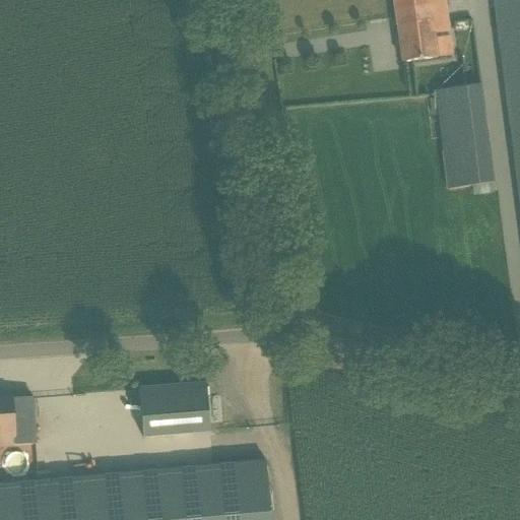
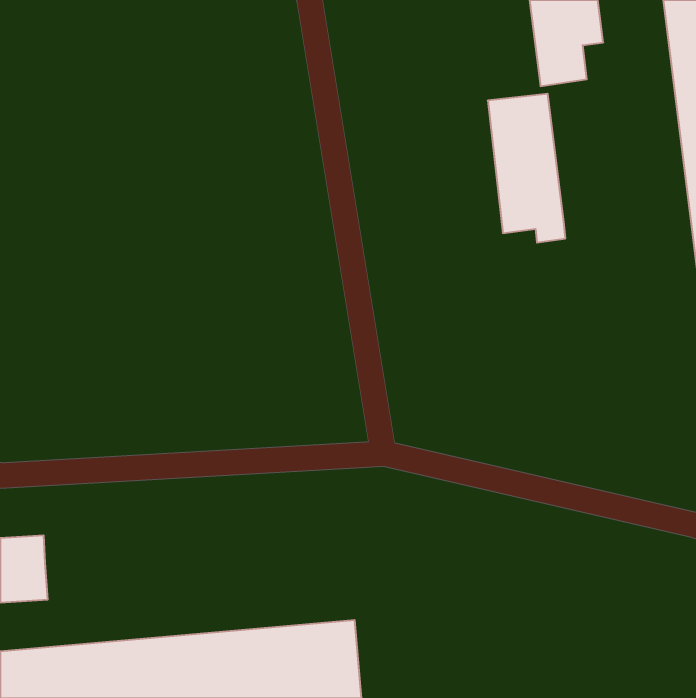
building: [437,87,495,198] -> [488,94,565,243]
building: [139,384,210,440] -> none

